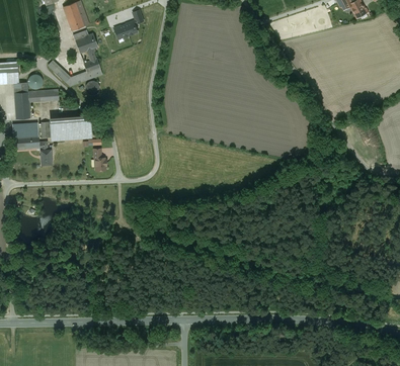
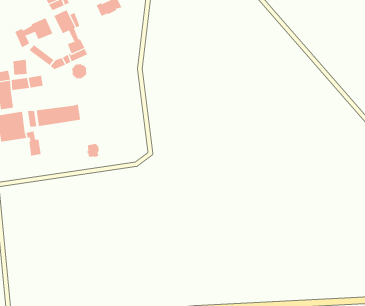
building: none -> [14,17,53,48]

